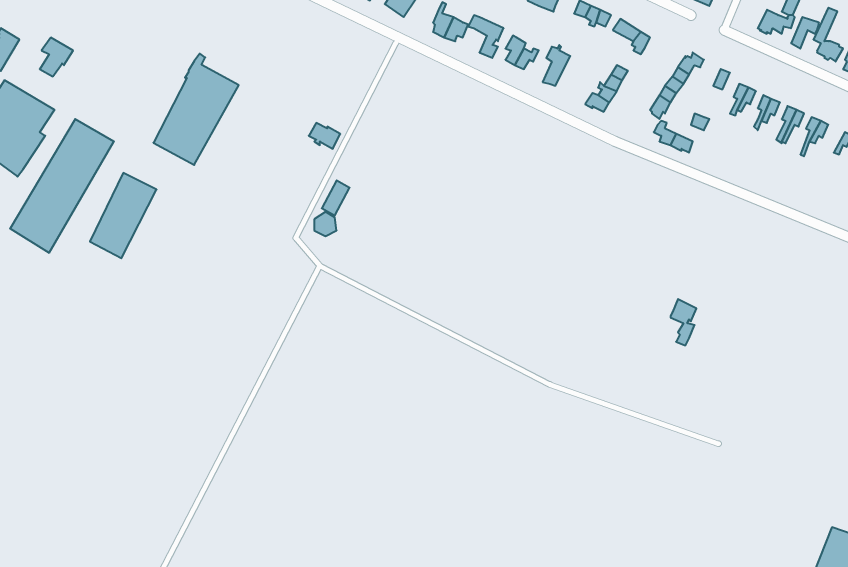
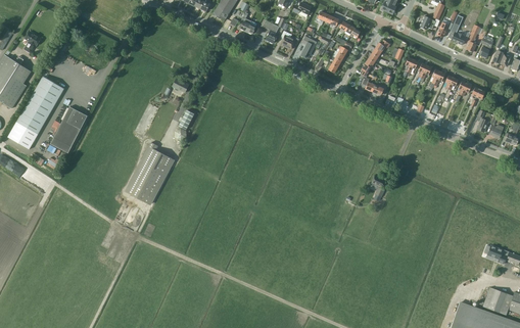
building: [153,54,239,165] -> [127,143,174,204]

